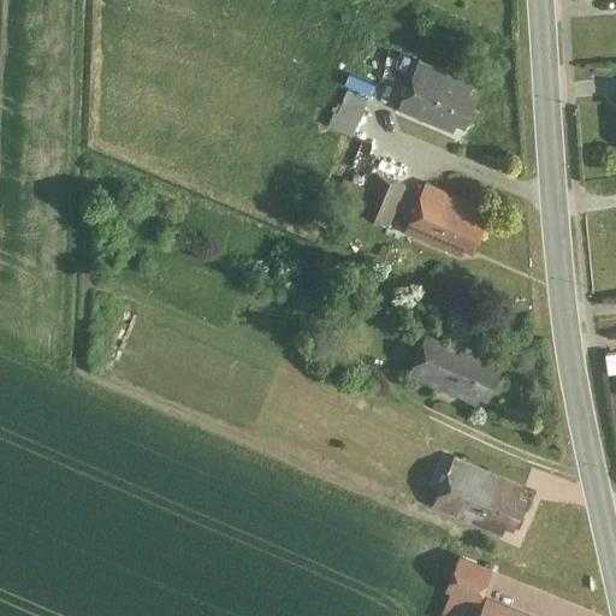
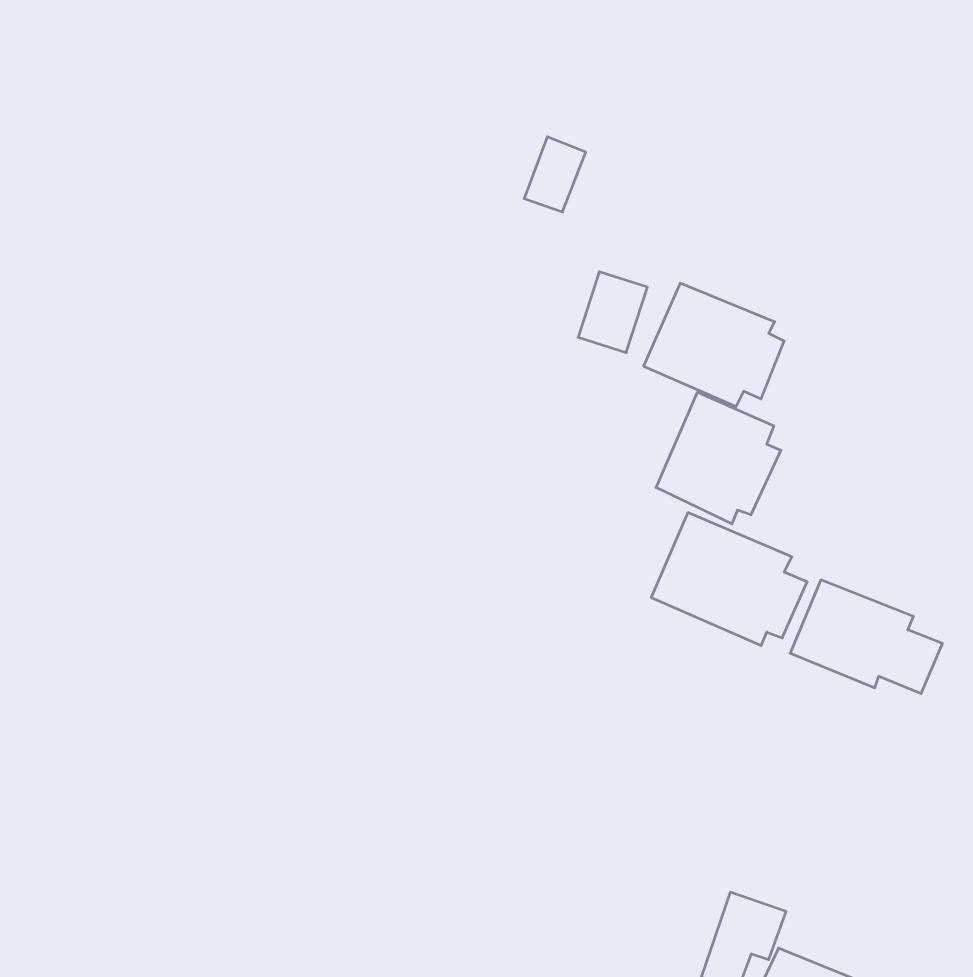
building: [396,60,479,135] -> none
building: none -> [656,392,781,524]
building: [433,456,528,527] -> [790,580,942,694]

